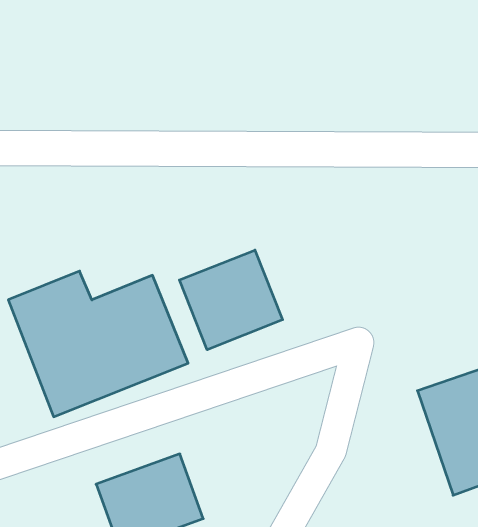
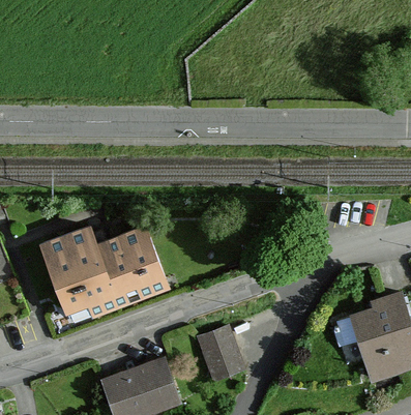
building: [179,250,283,350] -> none
building: none -> [198,326,248,385]

